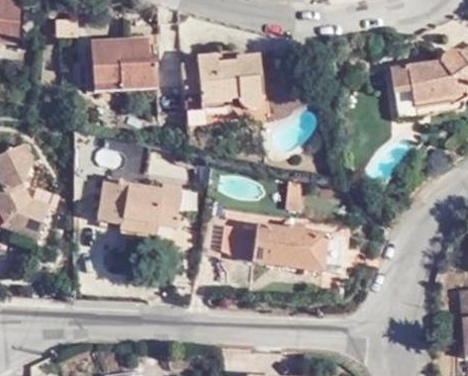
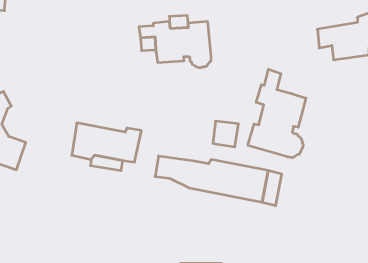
building: [93,41,163,96] -> none
building: none -> [248,69,306,158]

